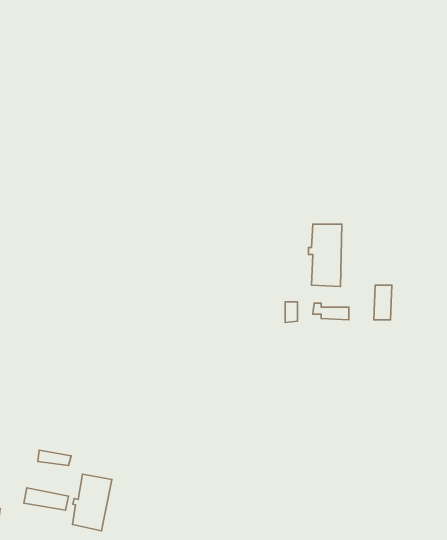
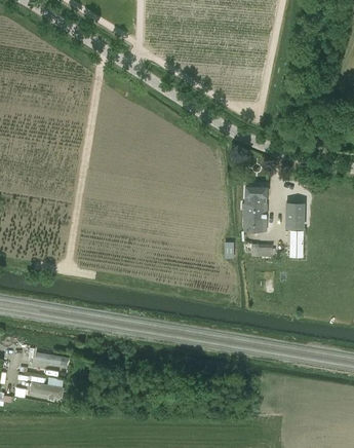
building: none -> [285,203,305,228]
building: [72,474,112,531] -> none

